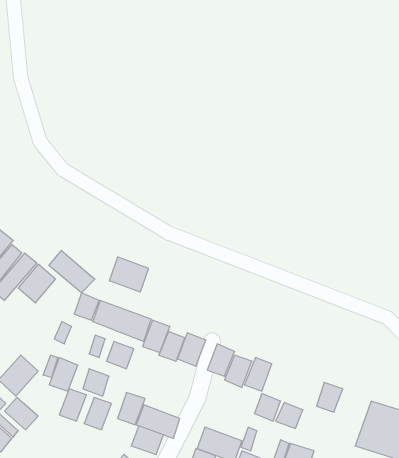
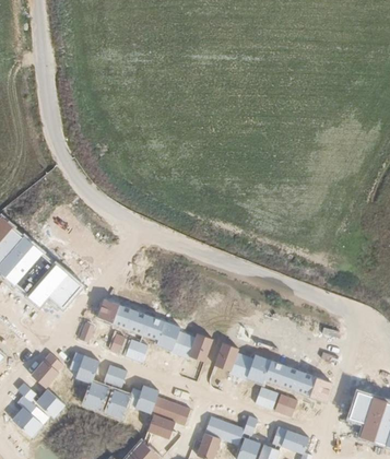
building: [49,250,95,293] -> none
building: [109,257,149,292] -> none
building: none -> [264,361,315,396]

